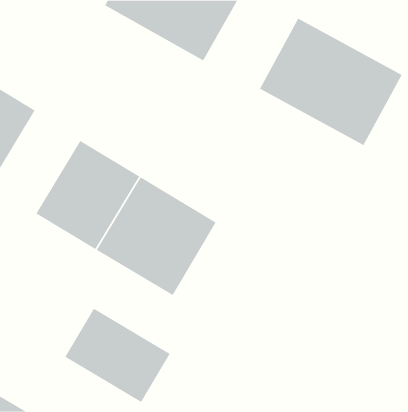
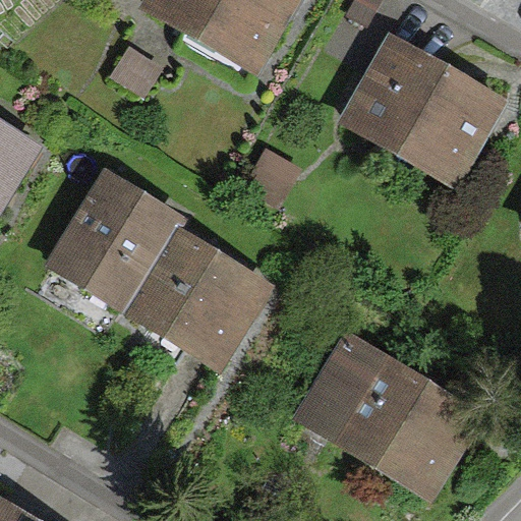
building: none -> [293,330,484,503]
building: [64,308,171,403] -> none

